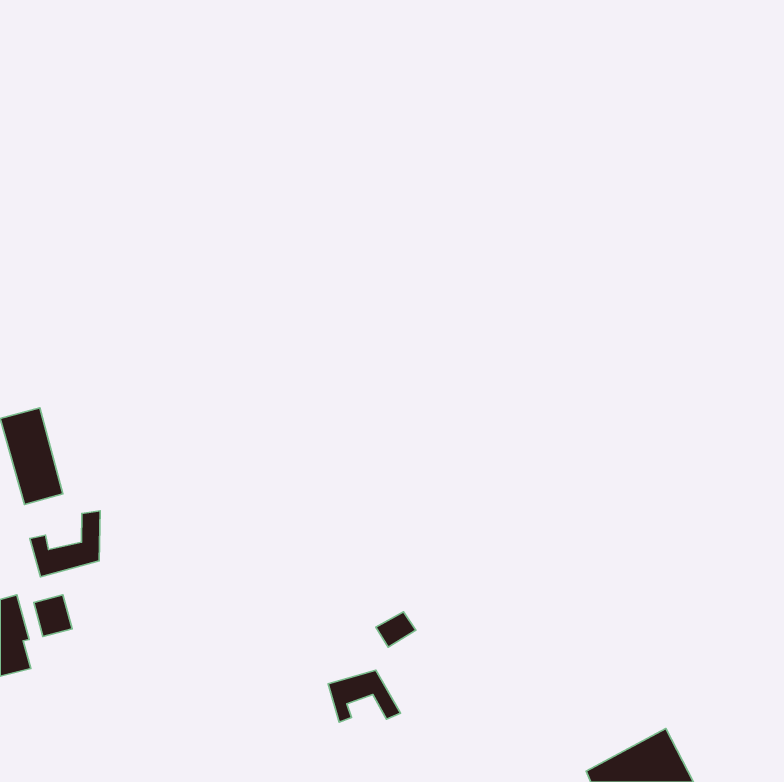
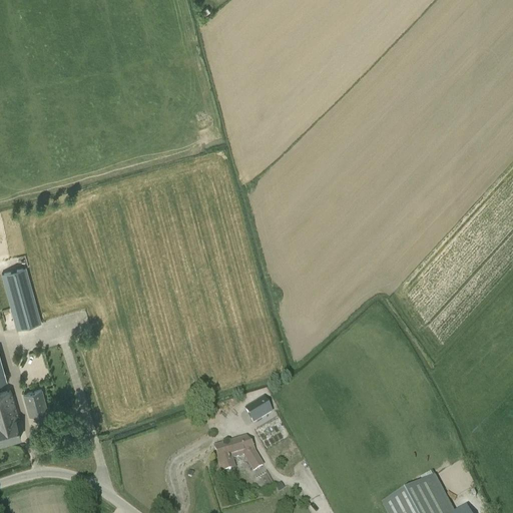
building: [30,511,100,577] -> none

